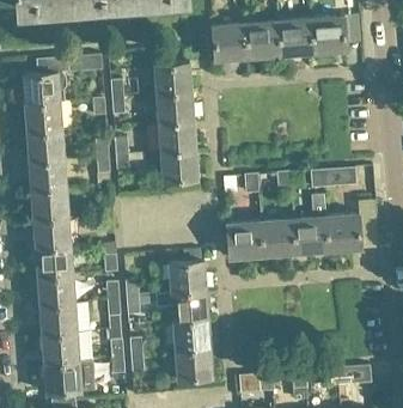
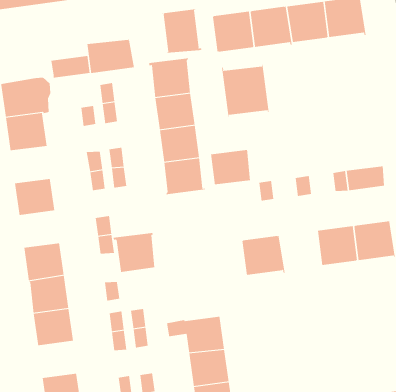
building: none -> [162,9,202,53]
building: none -> [87,39,134,74]
building: none -> [222,64,269,117]
building: [28,134,62,165] -> none
building: none -> [210,149,250,185]
building: [32,191,67,223] -> none
building: [261,220,297,258] -> none
building: [169,262,204,296] -> [113,233,155,272]
building: [42,307,75,339] -> none

